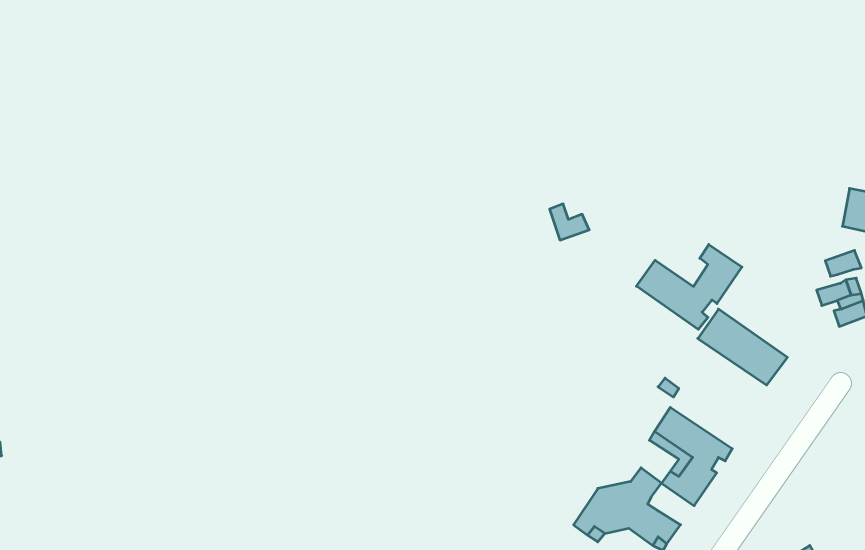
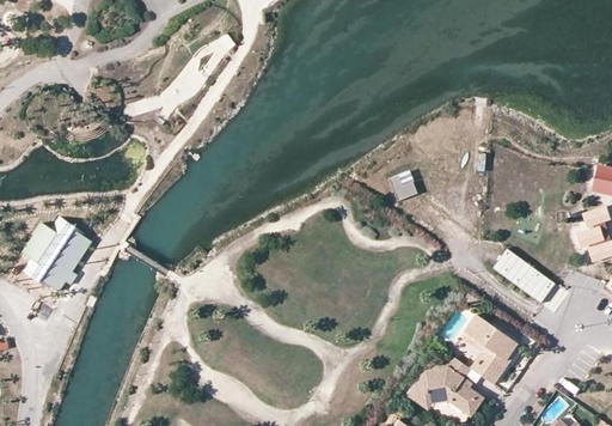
building: [636,244,742,329] -> none
building: none -> [23,215,93,292]

